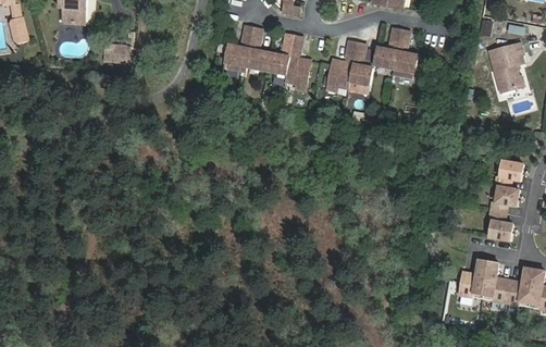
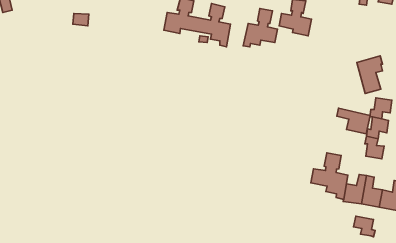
building: [487,42,521,91] -> [357,56,383,93]
building: none -> [337,108,370,134]
building: none -> [311,153,348,199]
building: none -> [354,216,375,237]

